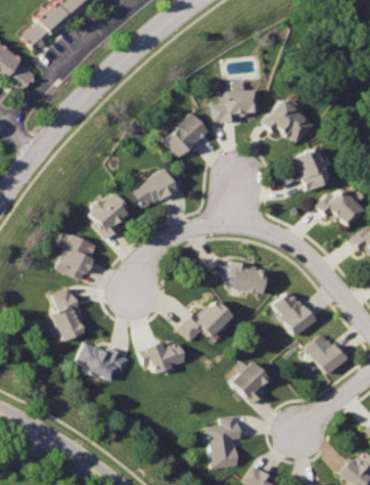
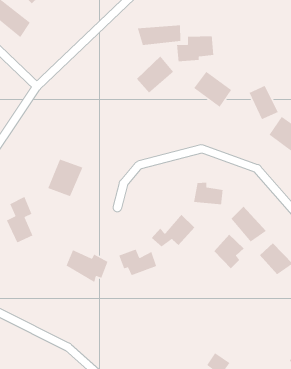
building: none -> [137,24,181,46]
building: [265,97,311,141] -> [193,71,232,108]
building: [131,168,176,210] -> none
building: [88,193,129,240] -> none
building: [52,285,85,342] -> [6,196,33,244]
building: [233,361,270,403] -> [213,234,245,269]
building: [207,416,245,469] -> none

